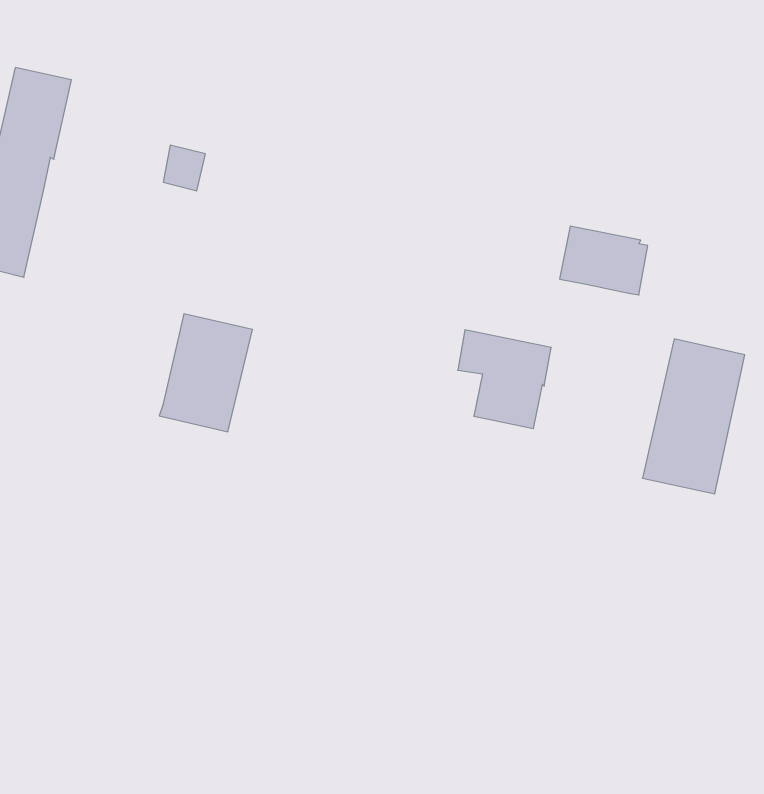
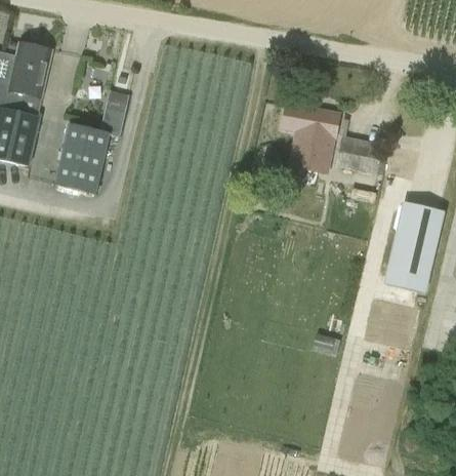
building: [159,314,253,432] -> [55,124,110,193]
building: [458,330,551,428] -> [284,104,338,161]

